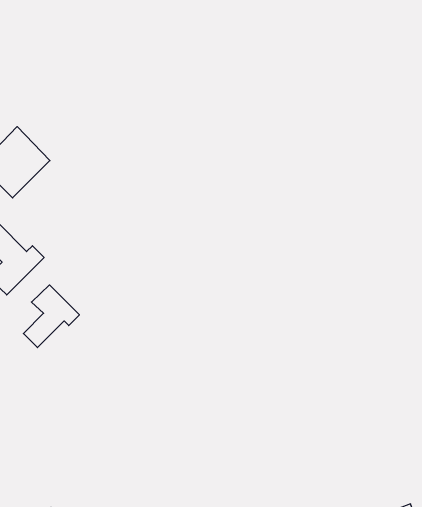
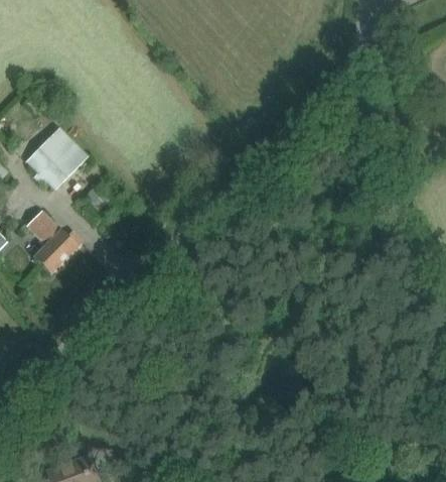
building: [23,285,79,348] -> none

